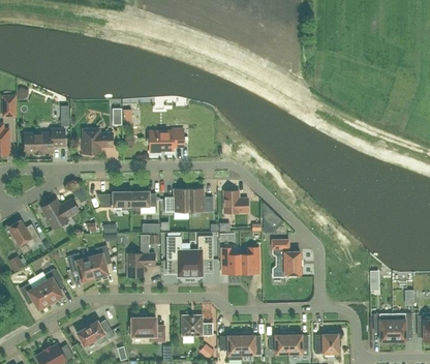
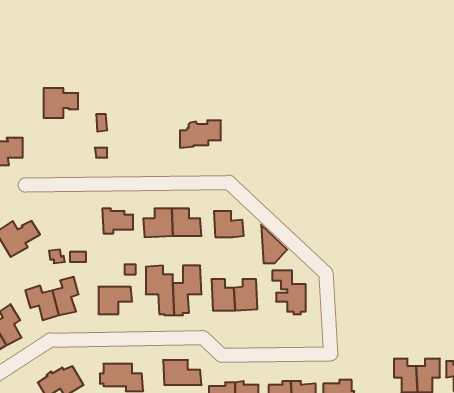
building: [83,128,112,153] -> [44,88,78,118]
building: [149,129,183,152] -> [180,120,221,148]
building: [97,188,131,209] -> none

